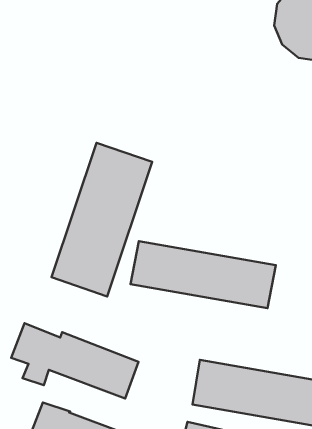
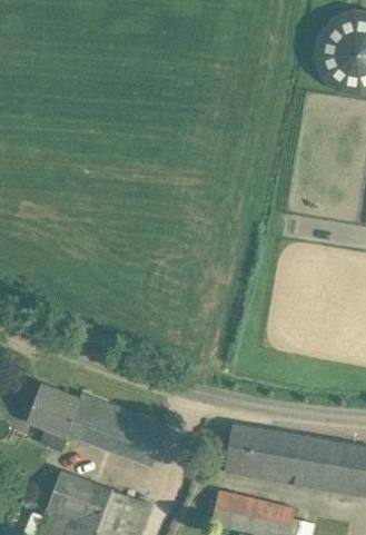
building: [52,143,152,297] -> none
building: [130,241,276,308] -> none

